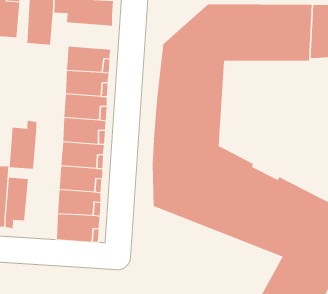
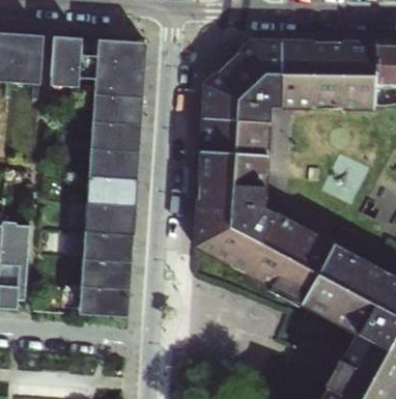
building: none -> [76,51,147,93]
building: [9,120,37,170] -> none
building: [5,177,28,229] -> none

